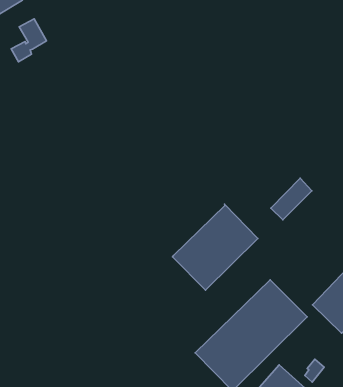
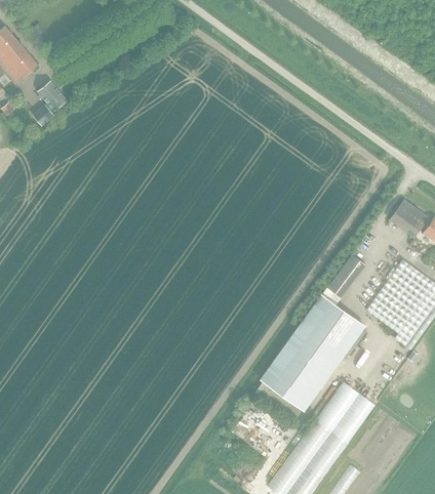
building: [271,178,312,220] -> [327,257,364,300]
building: [172,204,258,290] -> none

